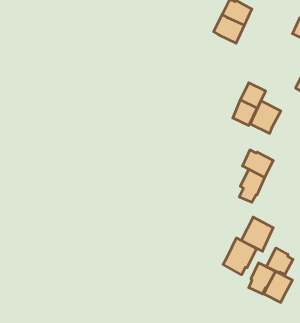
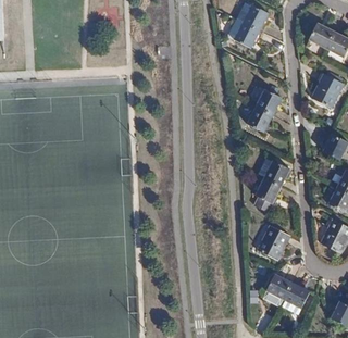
building: [251,101,281,133] -> none
building: [223,238,257,275] -> none
building: [266,248,293,275] -> none

